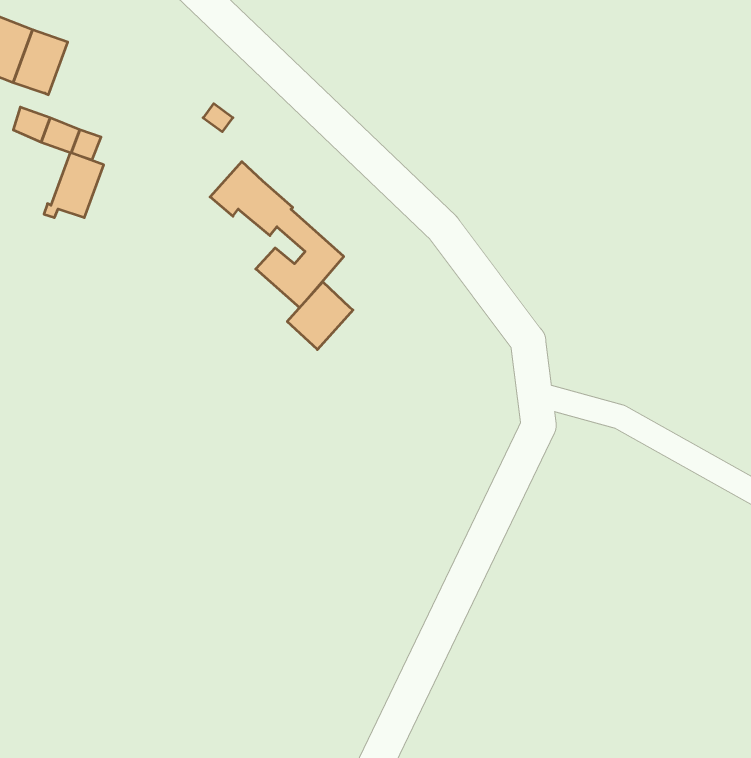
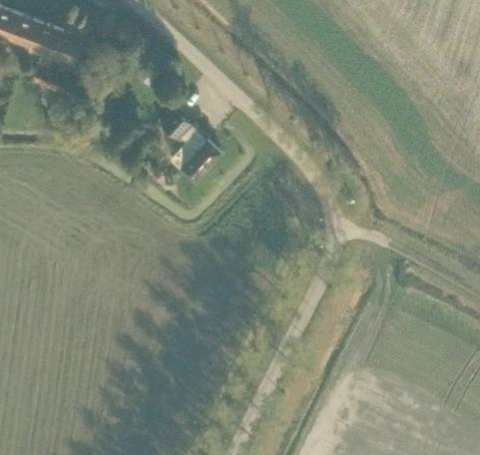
building: [44,153,104,218] -> [44,27,78,64]
building: [287,282,353,350] -> none

